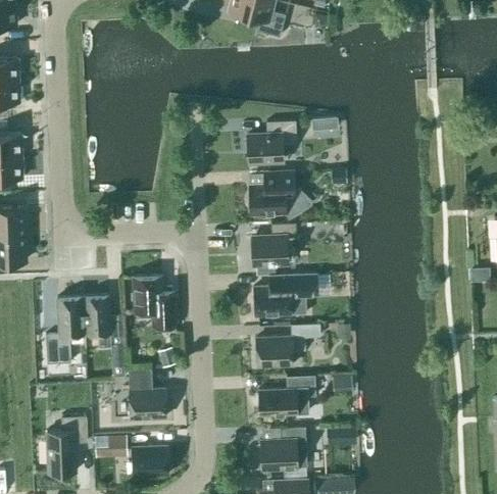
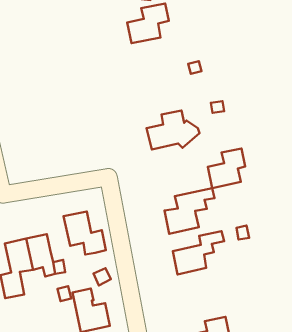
building: [247,119,297,160] -> [127,3,169,43]
building: [252,225,297,266] -> [208,148,245,188]
building: [258,378,315,416] -> none

